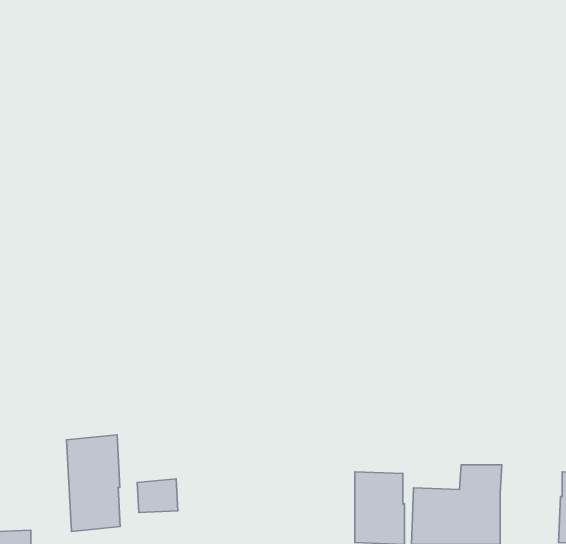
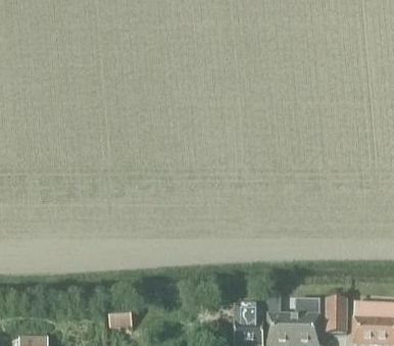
building: [67,435,120,532] -> none
building: none -> [326,297,348,331]

